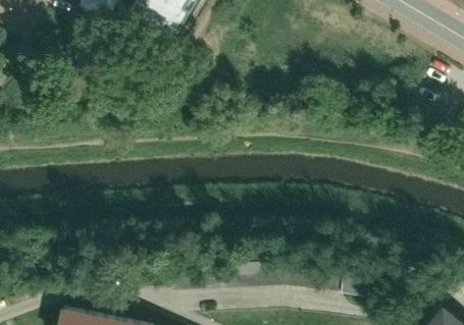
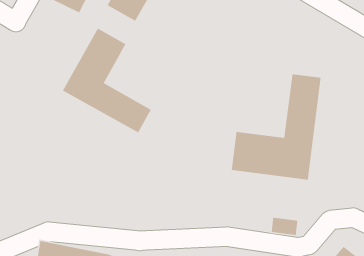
building: none -> [62,27,152,134]
building: none -> [231,74,321,180]

